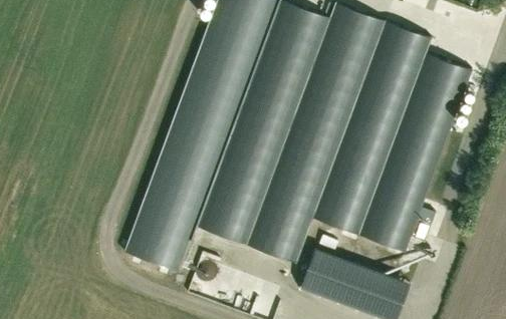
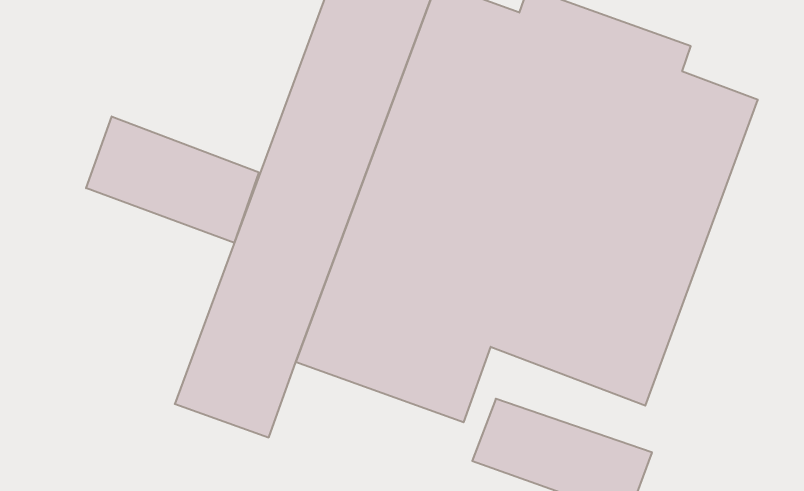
building: none -> [86,116,259,243]

